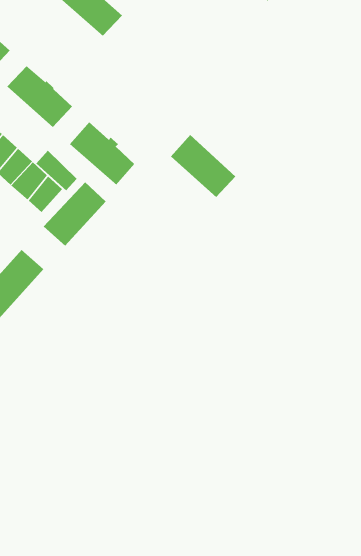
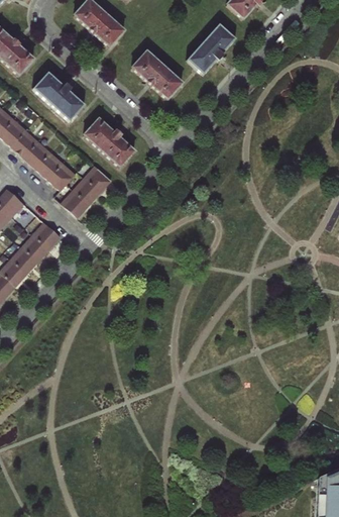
building: none -> [185,22,236,75]
building: [170,134,236,198] -> [129,48,183,100]
building: [35,150,78,191] -> none

